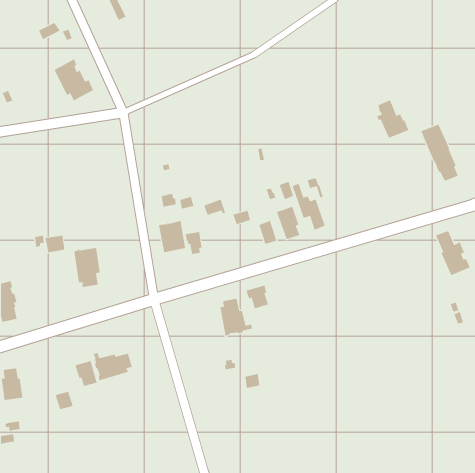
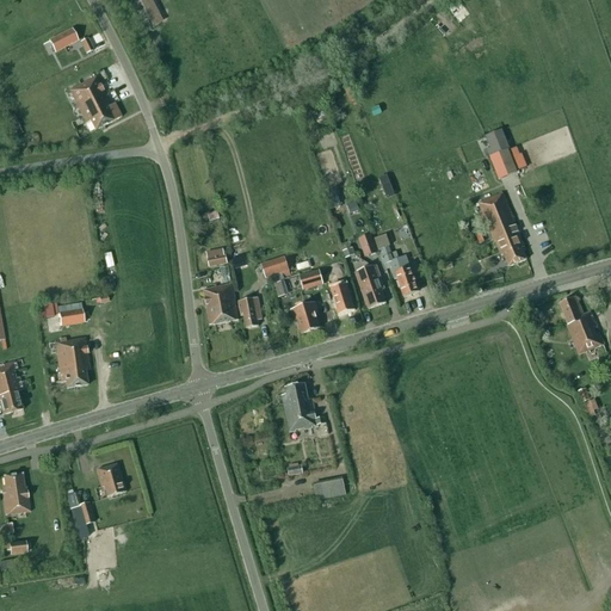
building: [420,124,458,181] -> [477,192,526,266]
building: [73,248,100,287] -> [55,337,90,388]
building: [246,285,269,309] -> [290,302,320,333]
building: [93,352,132,381] -> none

